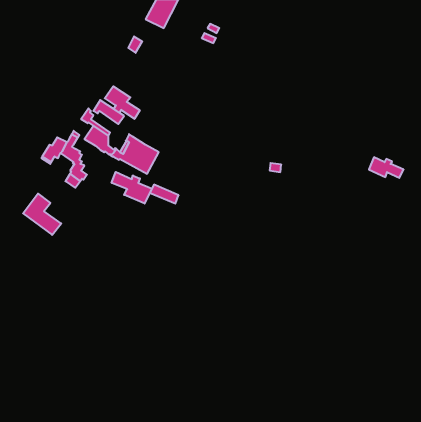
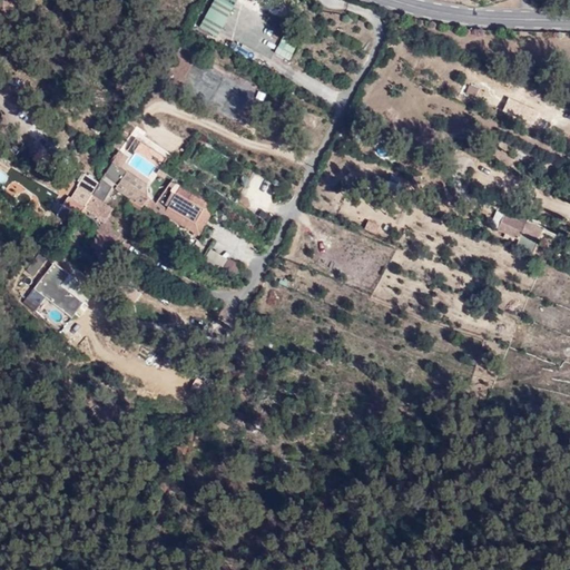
building: [105,86,140,119] -> none
building: [112,172,152,204] -> none

